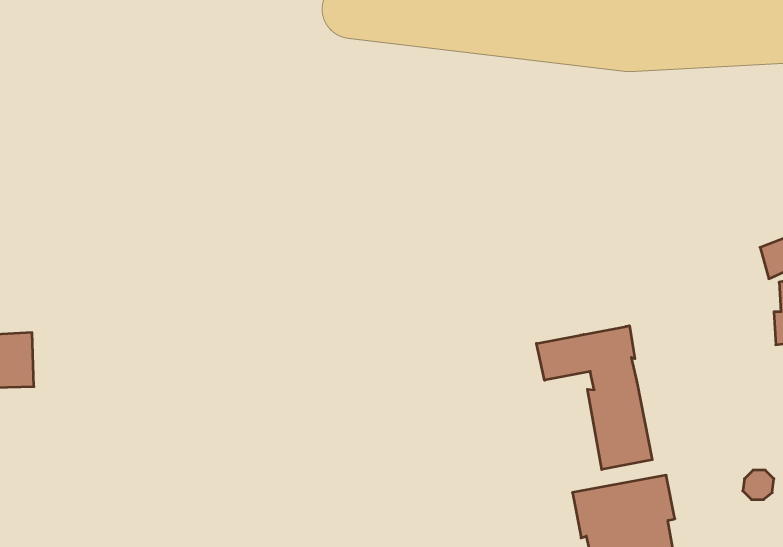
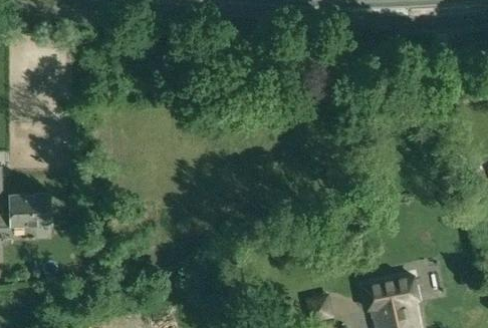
building: [536,326,652,470] -> none

